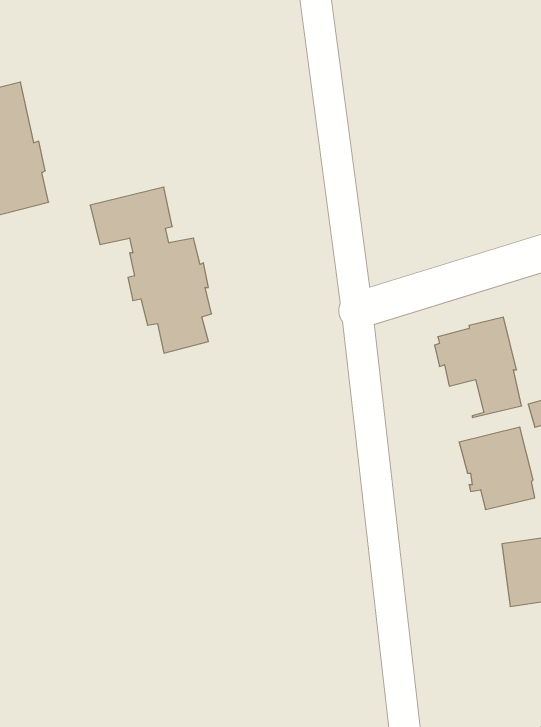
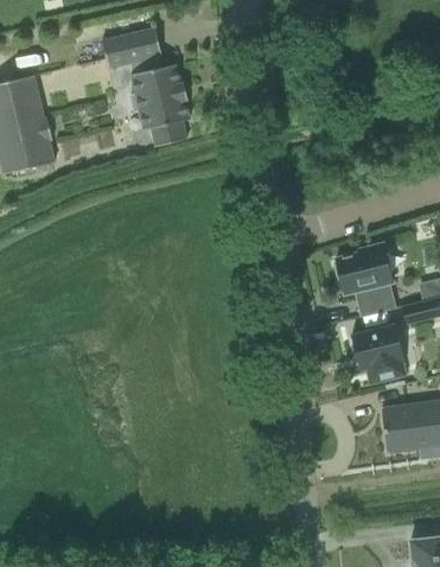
building: [90,187,212,353] -> [102,27,190,147]

